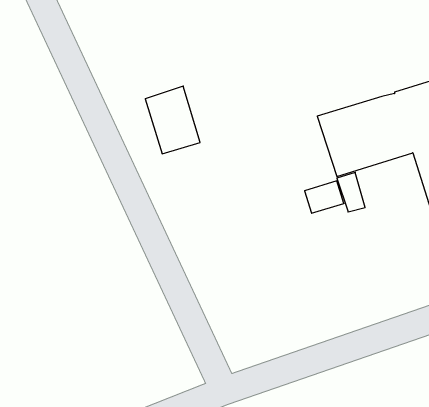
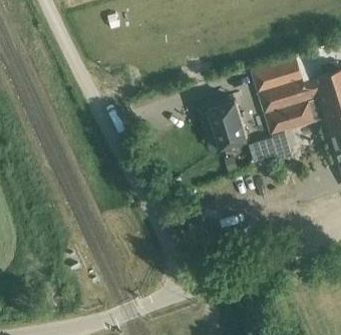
building: none -> [252,58,304,93]
building: [145,86,200,154] -> [209,100,248,148]

